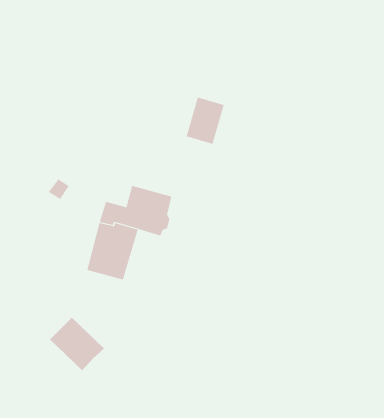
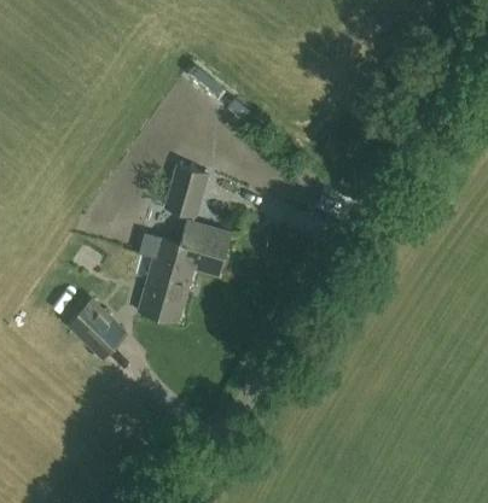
building: [186,97,224,144] -> [165,165,207,216]
building: [49,317,105,371] -> [66,298,126,356]

